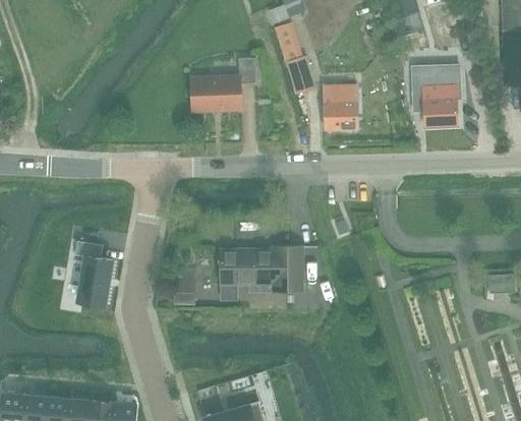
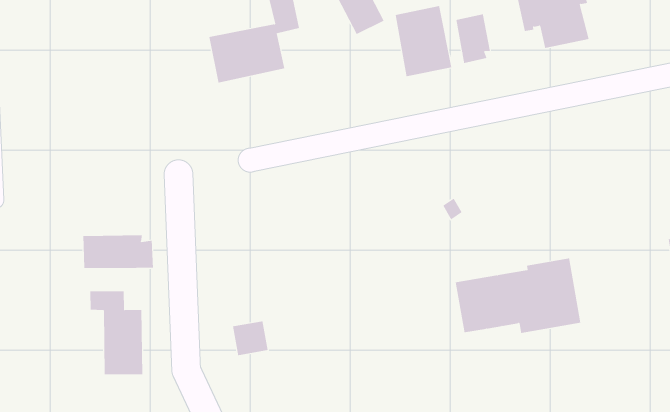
building: none -> [456,14,490,64]
building: none -> [83,235,154,269]
building: [221,245,304,292] -> [455,258,581,333]

